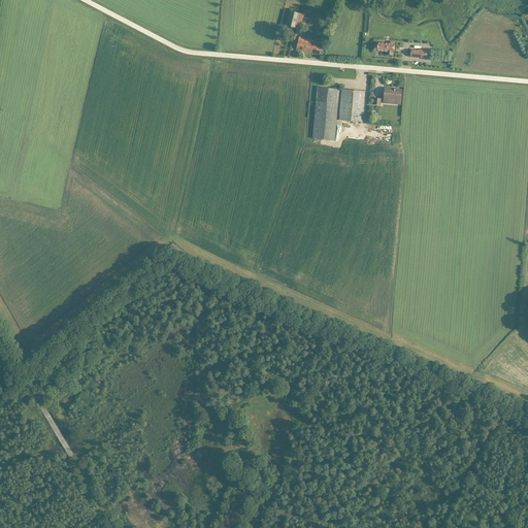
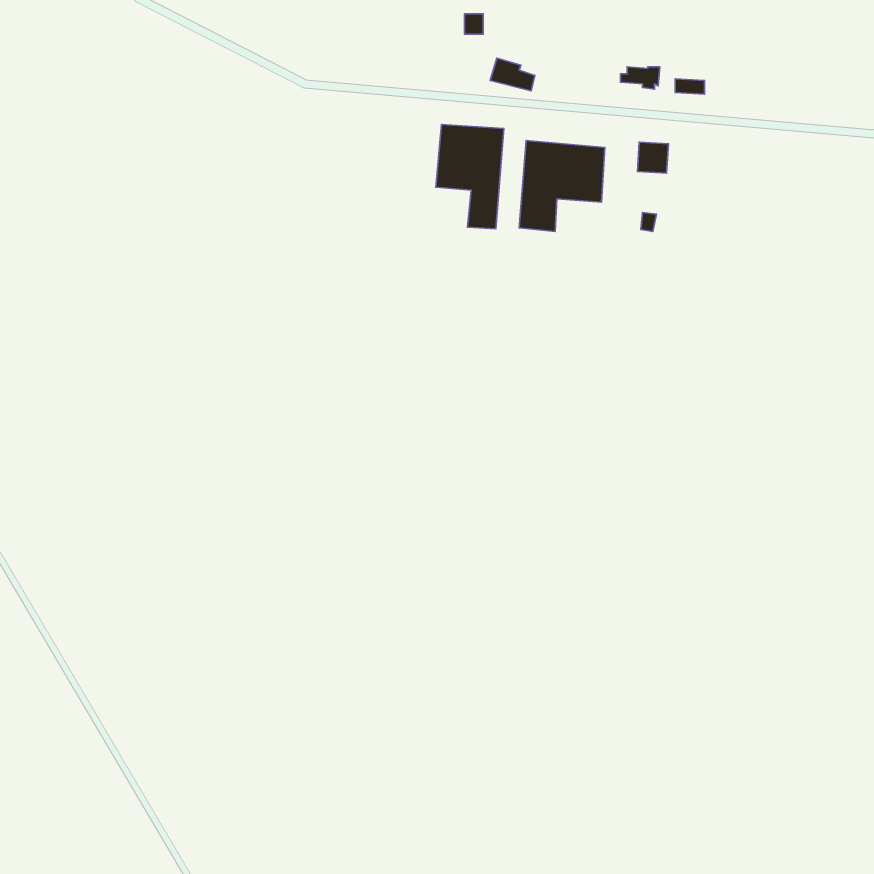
building: none -> [436,124,504,229]

